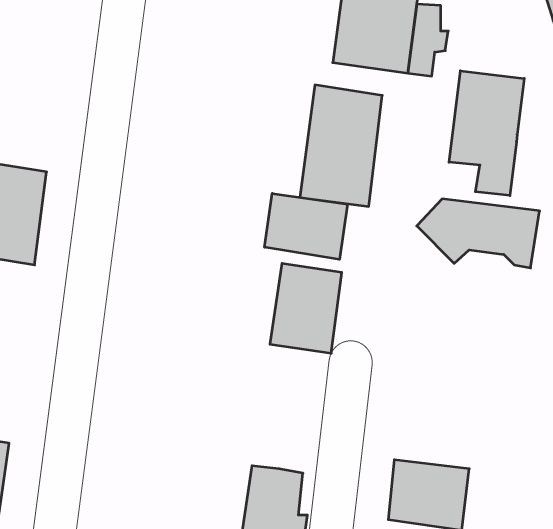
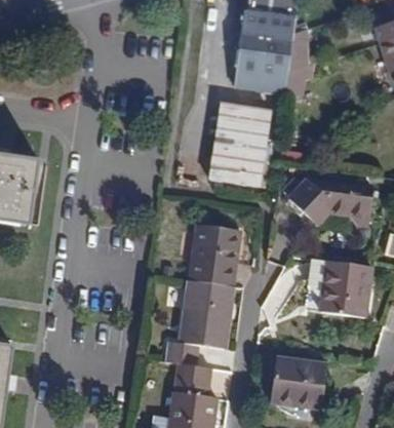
building: [449,71,524,196] -> none
building: [265,193,348,259] -> none
building: none -> [320,260,370,315]
building: none -> [164,279,232,364]

